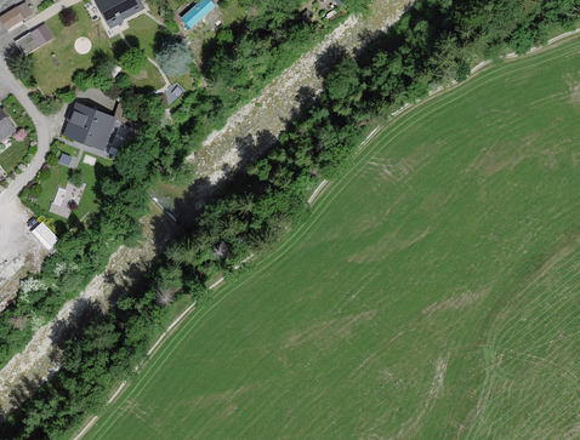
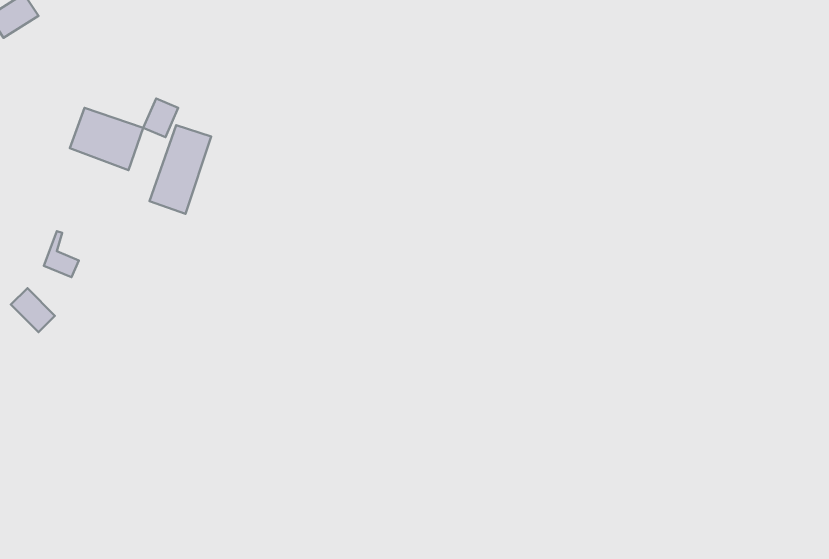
building: none -> [150,125,211,214]

